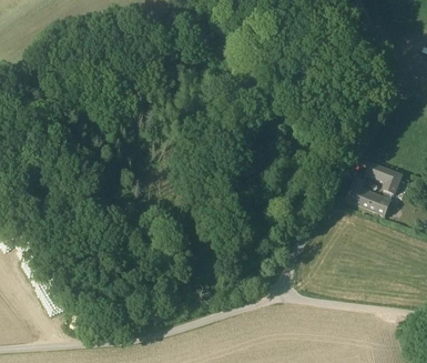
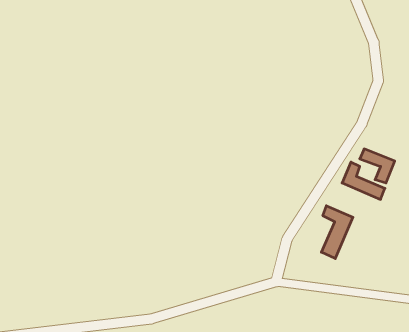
building: none -> [321,206,353,259]

